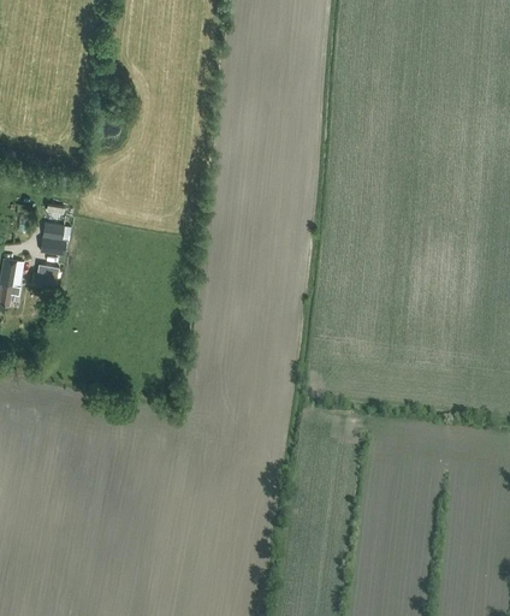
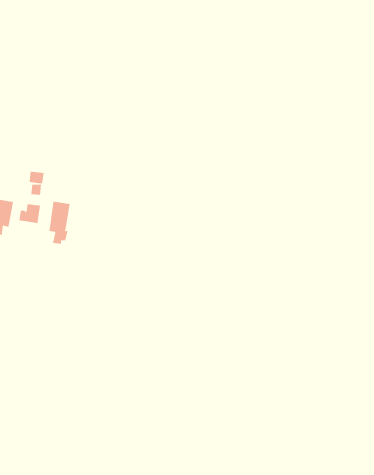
building: none -> [49,201,70,244]

